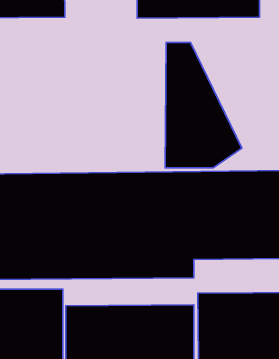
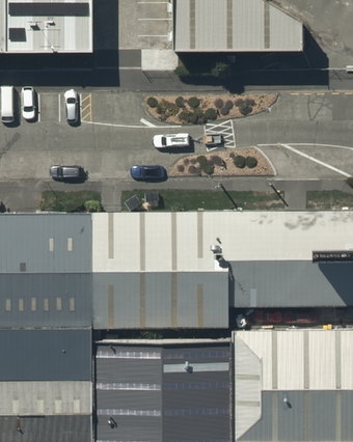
building: [165,43,242,168] -> none

